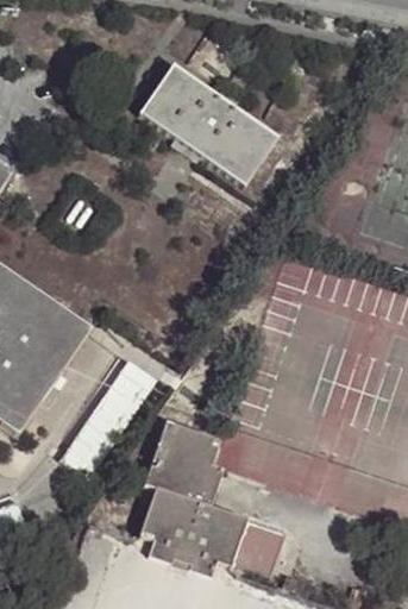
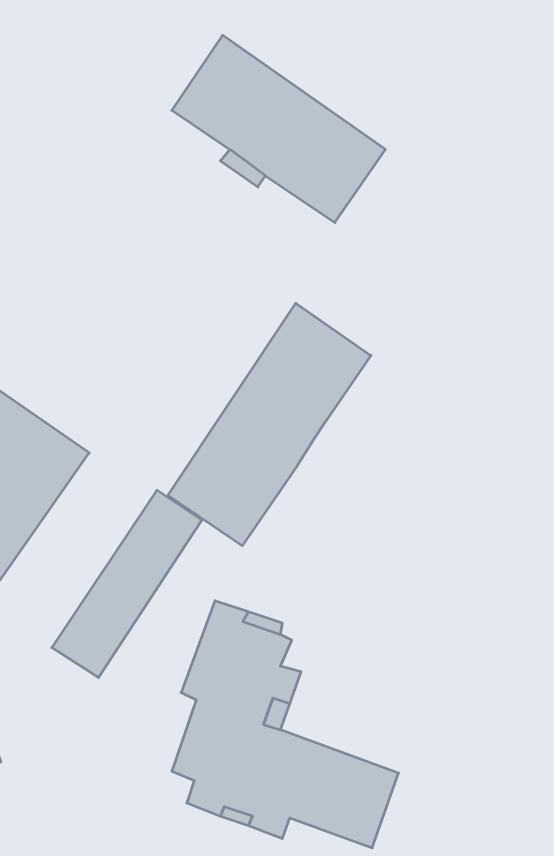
building: none -> [168,303,371,546]

